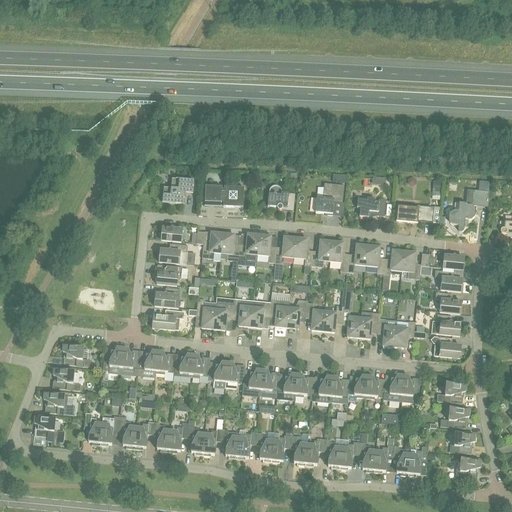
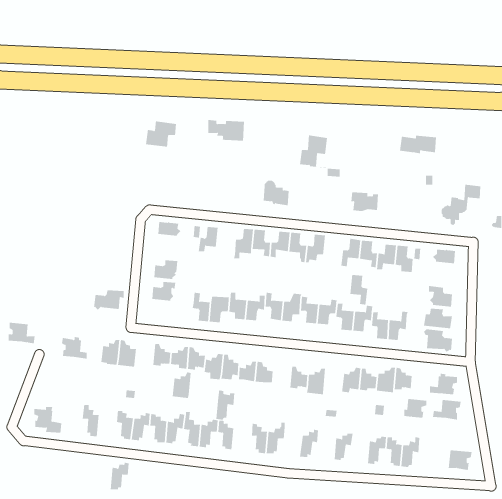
building: [161,175,193,202] -> [145,121,177,147]
building: [314,180,343,214] -> [299,135,328,168]
building: [203,183,243,205] -> [205,120,245,141]
building: [395,202,433,221] -> [399,135,437,154]
building: [220,231,239,259] -> none
building: [329,239,348,270] -> [349,275,368,305]
building: [158,242,187,262] -> none
building: [434,268,461,290] -> none
building: [151,308,183,329] -> [93,290,124,310]
building: [137,348,157,375] -> [172,372,192,398]
building: [52,367,80,389] -> [8,322,35,344]
building: [276,371,296,398] -> none
building: [329,374,349,401] -> none
building: [43,391,74,413] -> none
building: [99,416,119,444] -> [110,462,130,490]
building: [236,427,256,458] -> [215,390,235,420]
building: [450,432,474,452] -> [404,398,427,418]
building: [289,434,307,464] -> none
building: [323,437,341,467] -> none
building: [357,440,375,471] -> none

